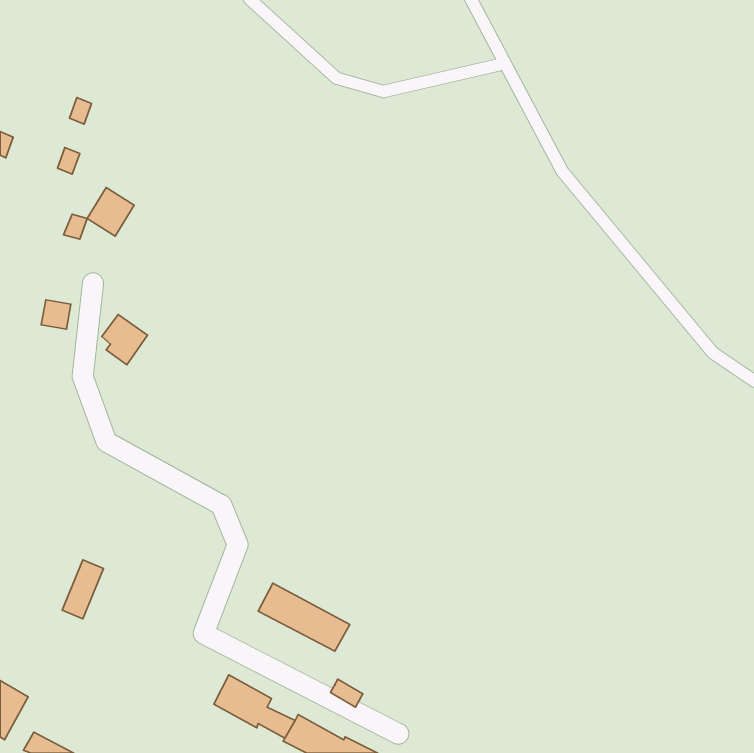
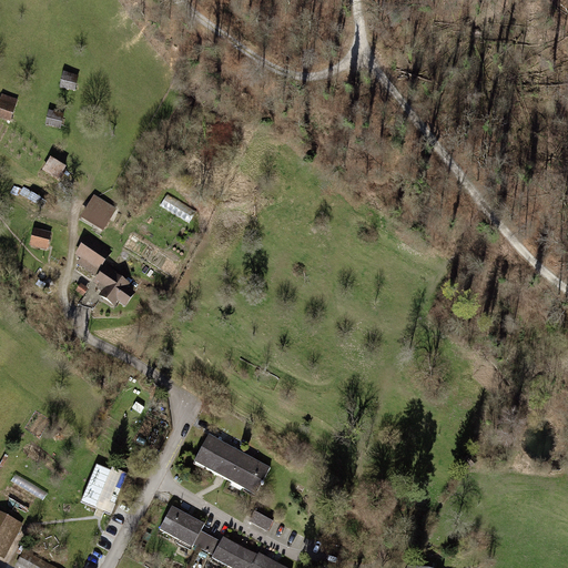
building: [87,188,134,236] -> [79,195,114,232]
building: none -> [97,267,133,304]
building: [62,560,104,619] -> [83,465,114,509]

